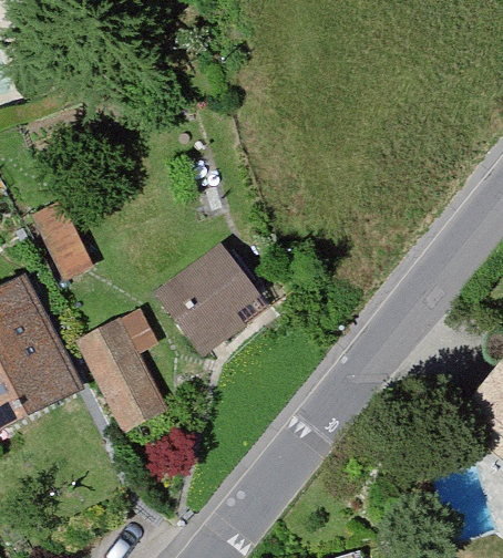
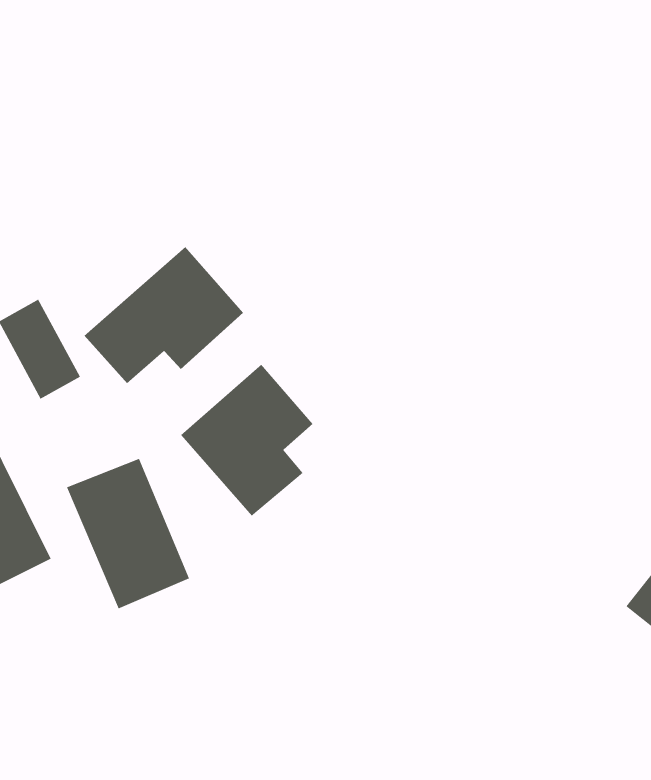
building: none -> [83,246,244,384]

